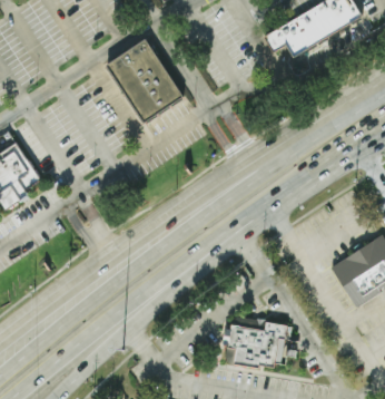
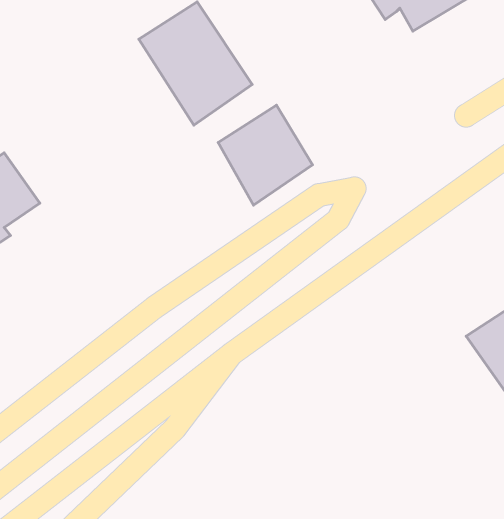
building: none -> [218,105,312,205]
building: [221,321,293,371] -> none

